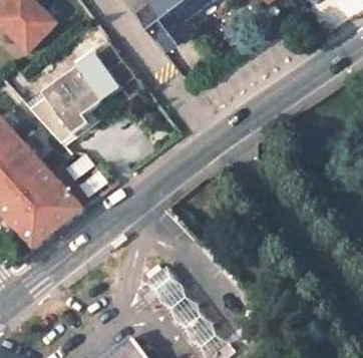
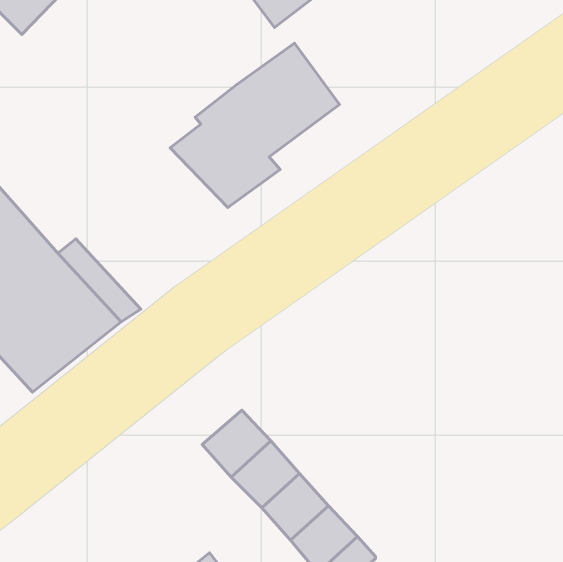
building: [28,51,122,142] -> [170,43,340,207]

